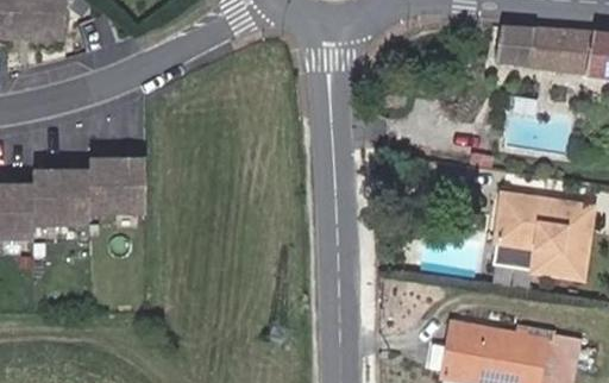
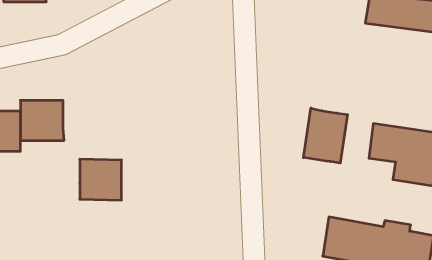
building: [88,150,144,205] -> [80,159,122,200]
building: none -> [303,108,348,163]

